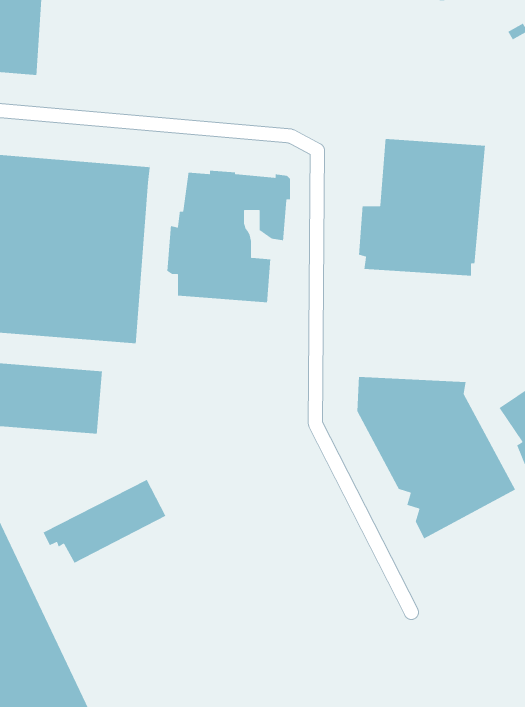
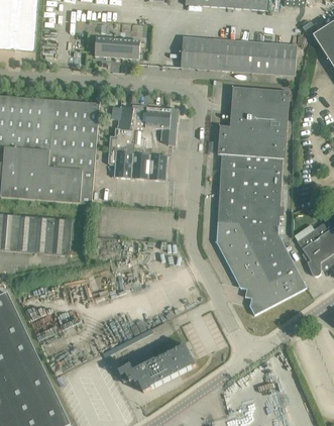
building: none -> [180,36,297,75]
building: none -> [94,37,139,59]
building: none -> [217,162,282,225]
building: [42,479,167,564] -> [125,343,196,392]

